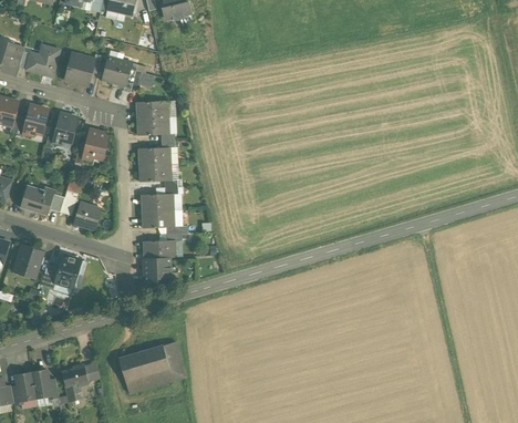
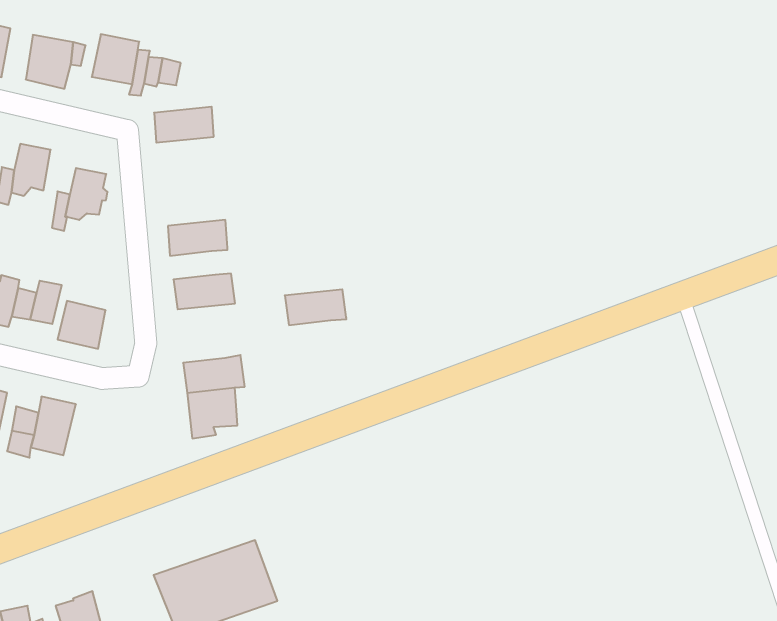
building: [136,117,169,135] -> none
building: [138,147,172,165] -> none
building: [142,210,175,228] -> [285,289,346,325]

